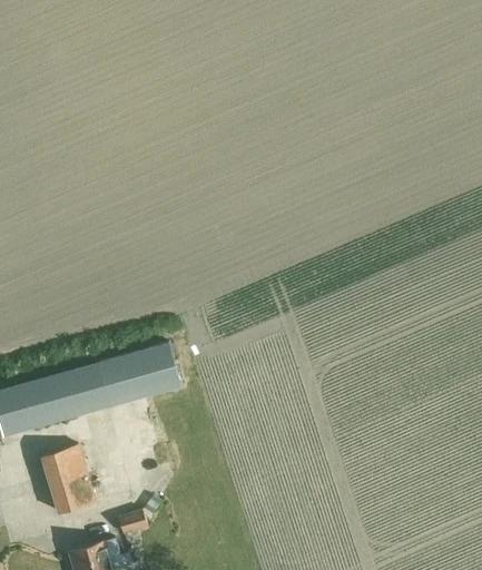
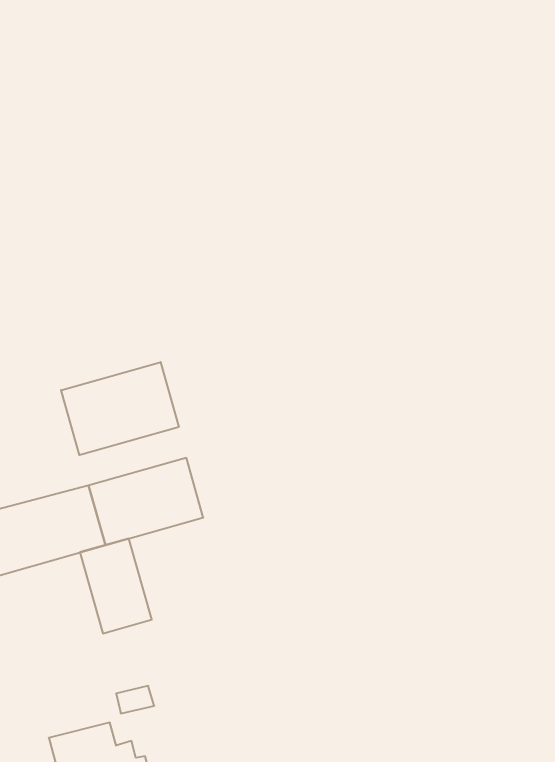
building: none -> [61,362,179,455]
building: [41,446,94,515] -> [80,539,152,633]

